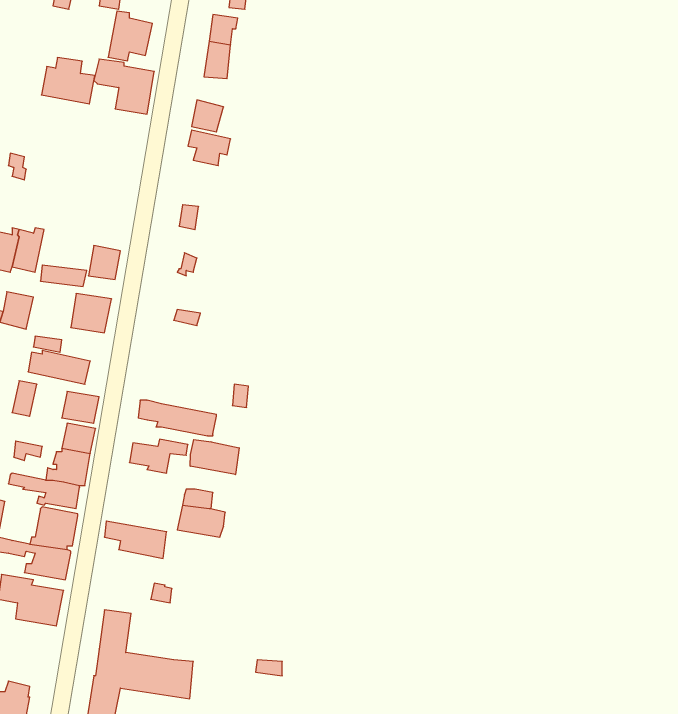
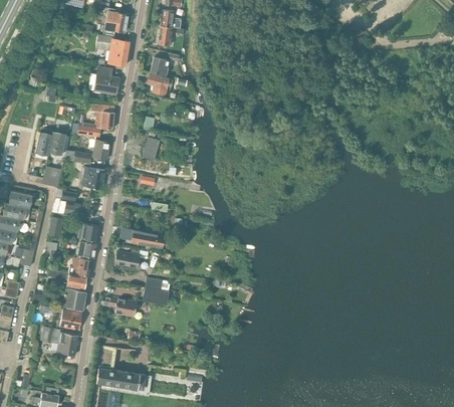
building: [41,58,95,104] -> [89,67,120,93]
building: none -> [78,104,115,136]
building: [190,440,239,475] -> none

